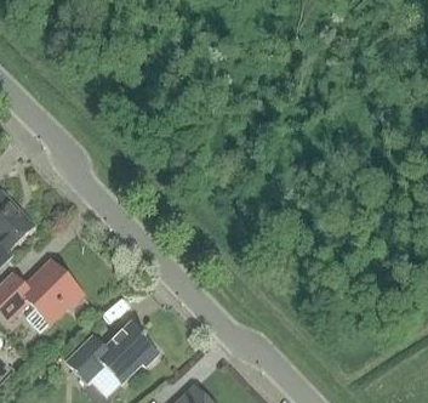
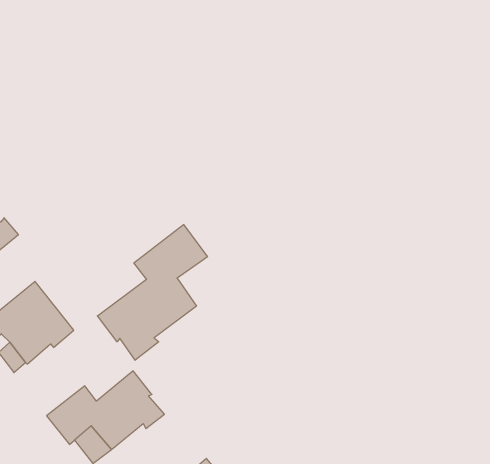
building: none -> [97,225,207,360]

